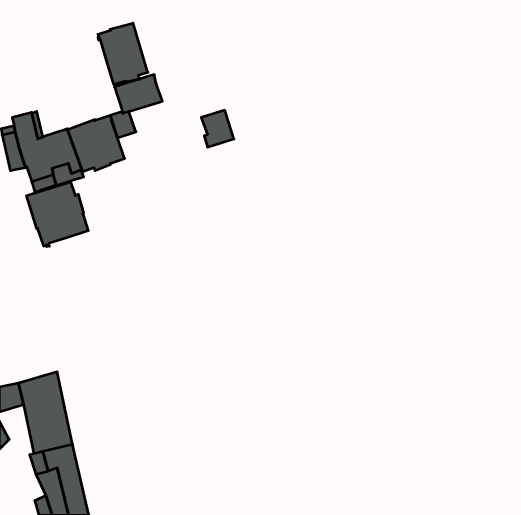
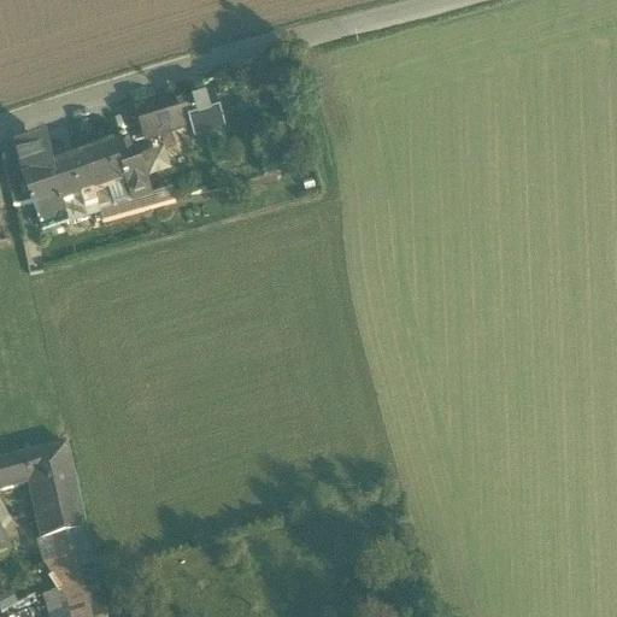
building: [98,23,148,85] -> none
building: [201,110,234,147] -> [184,90,223,134]
building: [27,181,88,247] -> none

